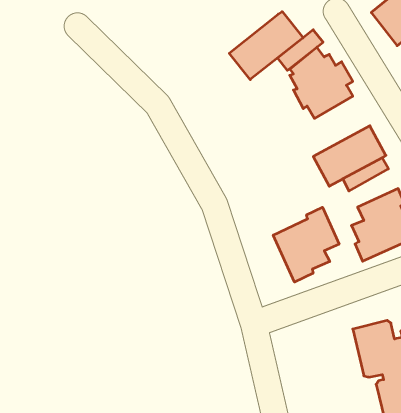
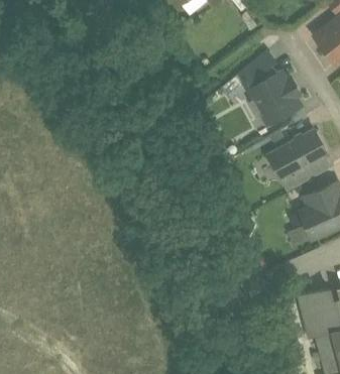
building: [229,12,303,80] -> none
building: [273,207,339,282] -> none

